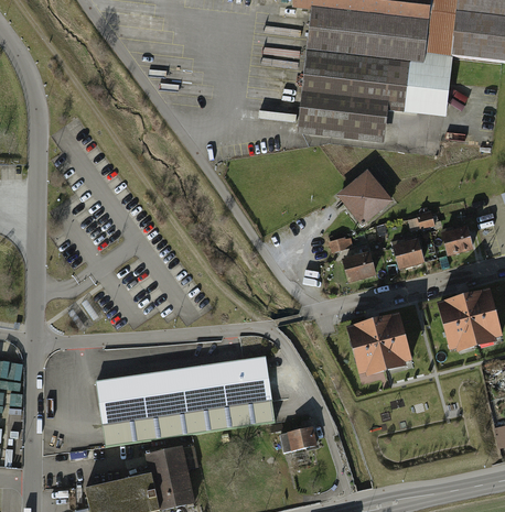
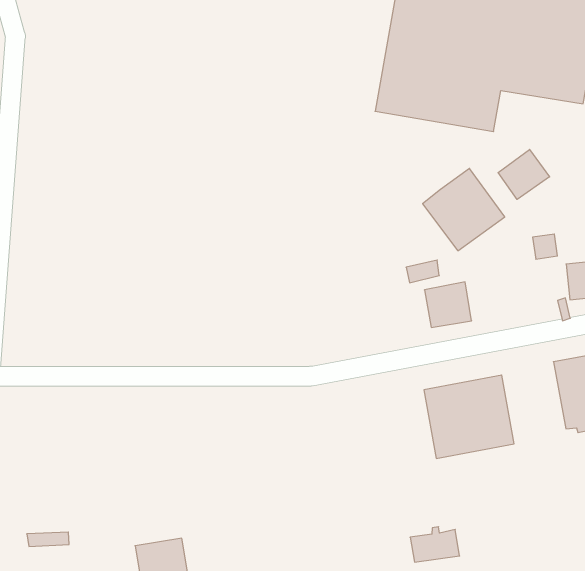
building: none -> [498,149,550,199]
building: [393,238,425,269] -> none
building: [96,356,275,445] -> none
building: [279,425,315,451] -> [410,527,460,562]

